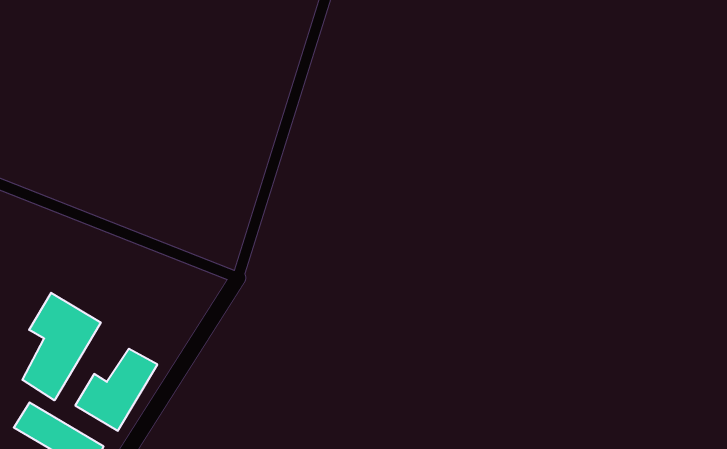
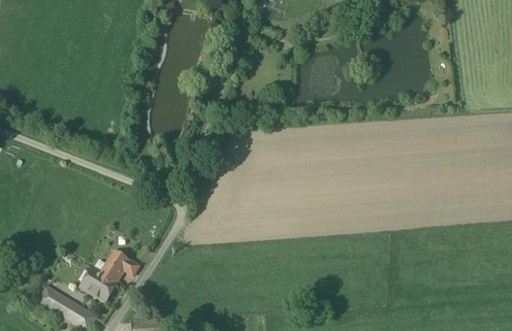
building: [22,293,101,400] -> none

